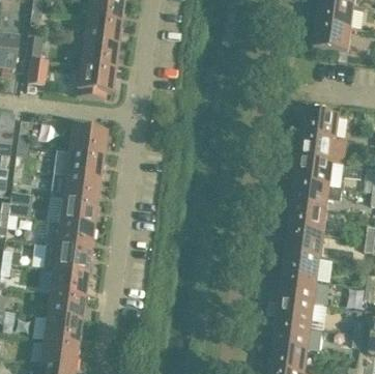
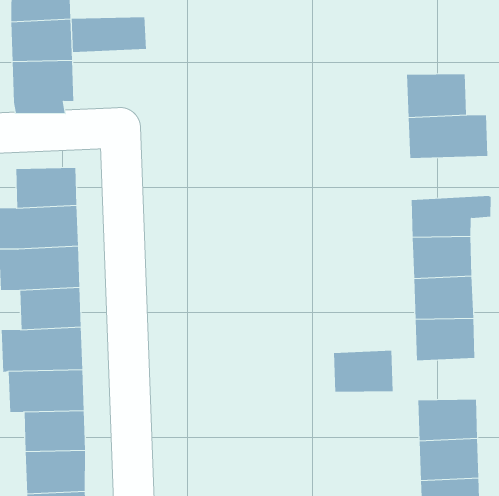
building: none -> [71,16,146,53]
building: [295,157,344,186] -> none
building: [280,275,317,303] -> [333,350,394,392]

